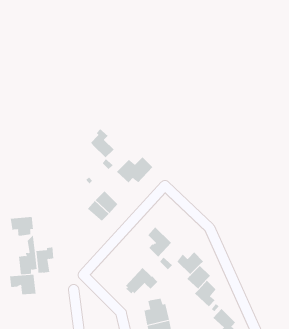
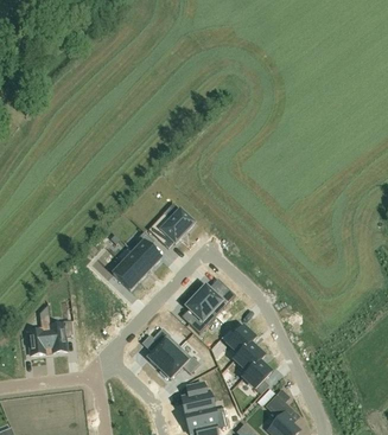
building: [90,128,114,158] -> [132,231,161,268]
building: [10,216,34,237] -> none
building: none -> [196,283,235,315]
building: none -> [148,327,180,367]
building: [10,274,36,295] -> none

